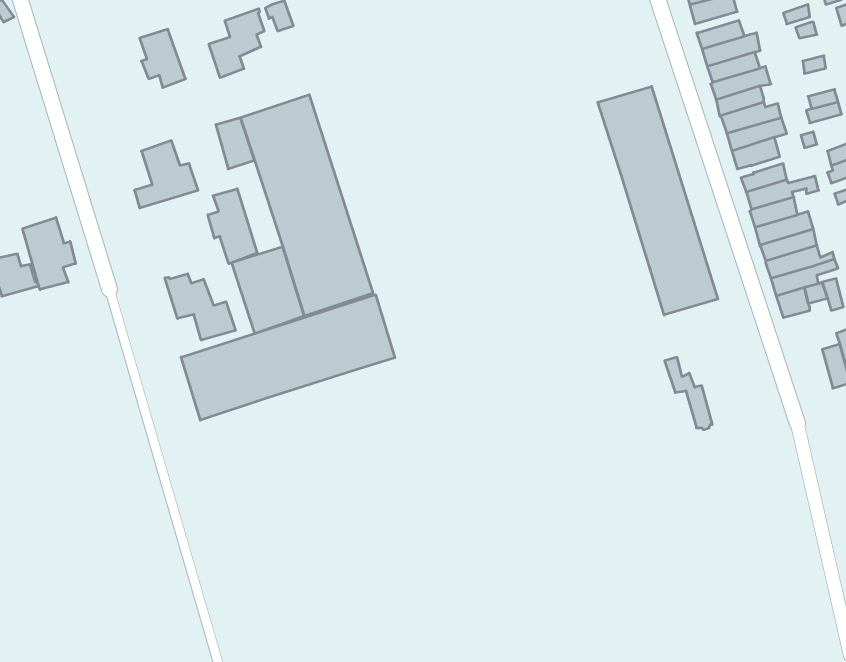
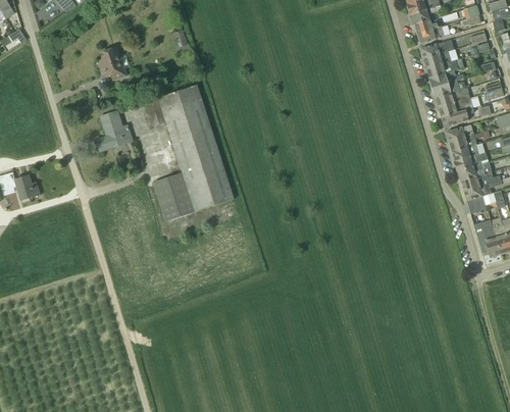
building: [209,9,264,78] -> none
building: [598,86,718,315] -> none
building: [208,189,257,264] -> none
building: [23,217,76,290] -> none
building: [165,274,235,340] -> none
building: [181,295,395,420] -> none
building: [665,357,712,430] -> [471,214,499,256]

